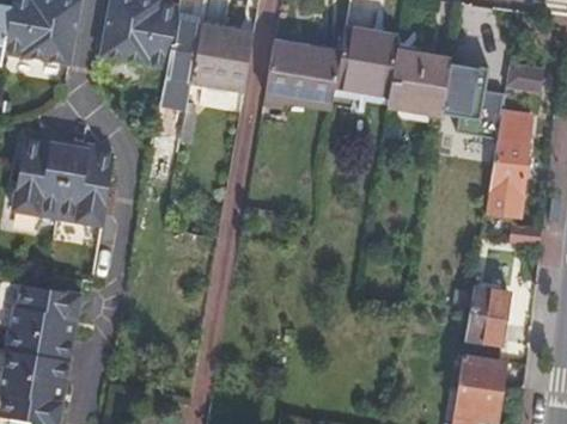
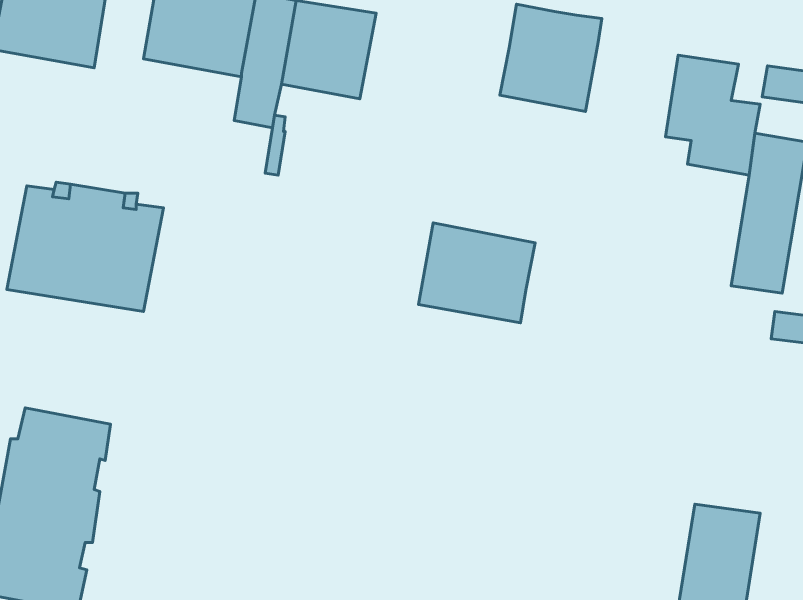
building: [264,39,341,105] -> [419,223,535,323]
building: [390,49,452,111] -> none
building: [465,288,510,343] -> none

